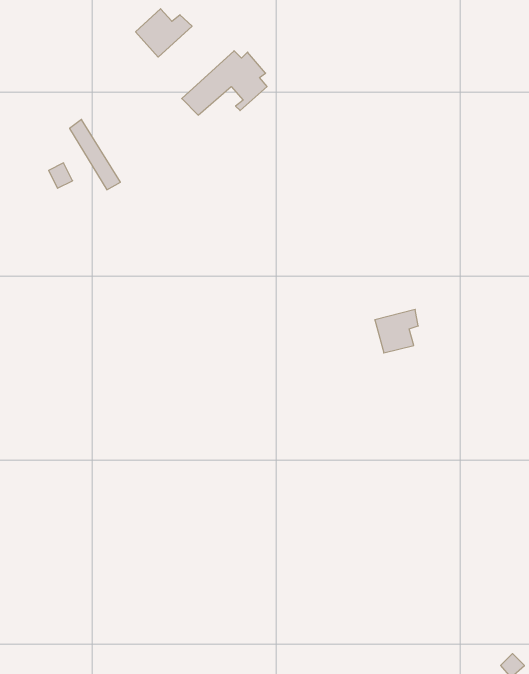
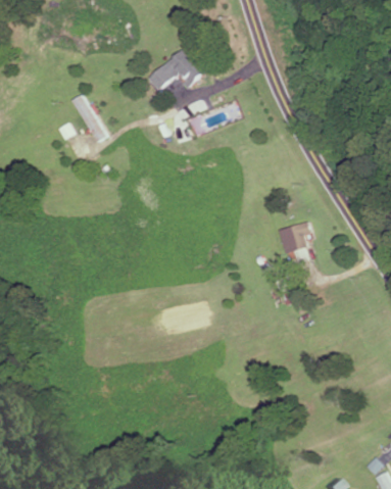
building: [136,9,192,57] -> none

